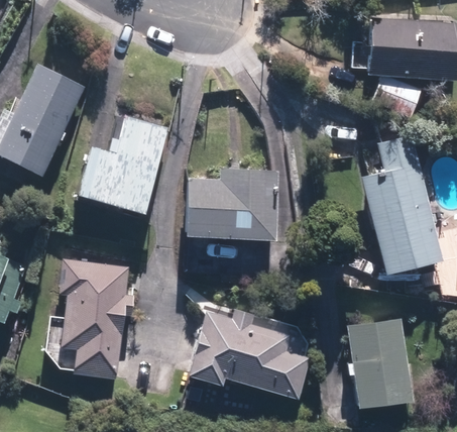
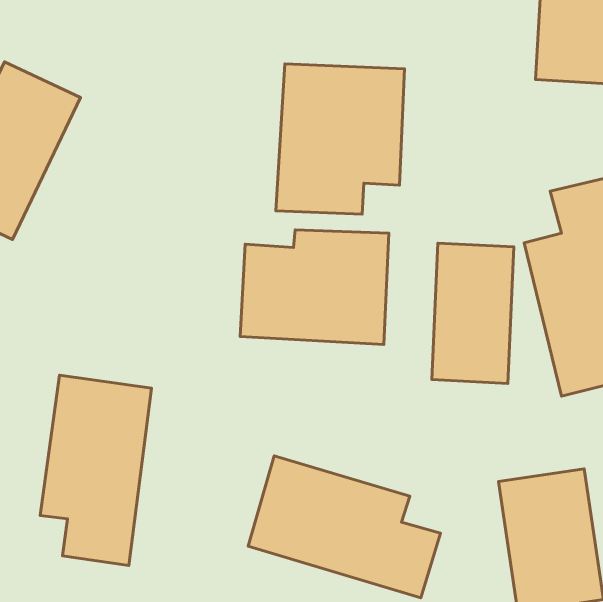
building: none -> [276,64,405,214]
building: [78,116,168,214] -> none
building: none -> [432,243,514,383]

